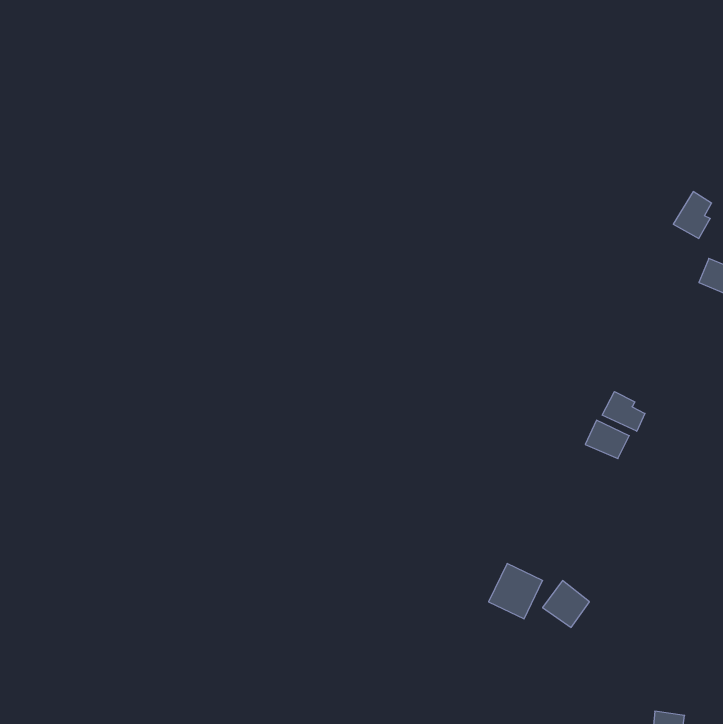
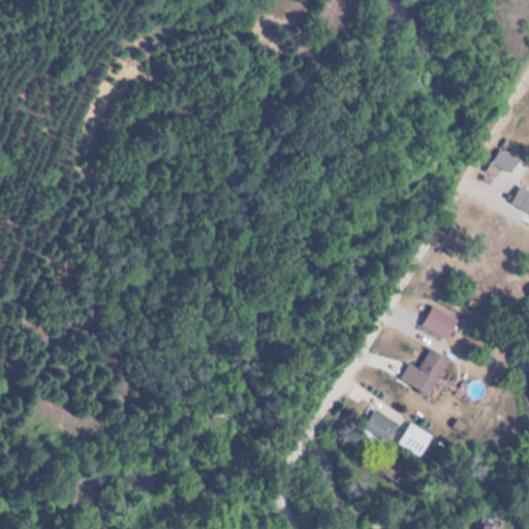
building: [602,392,645,431] -> none
building: none -> [411,351,448,394]

